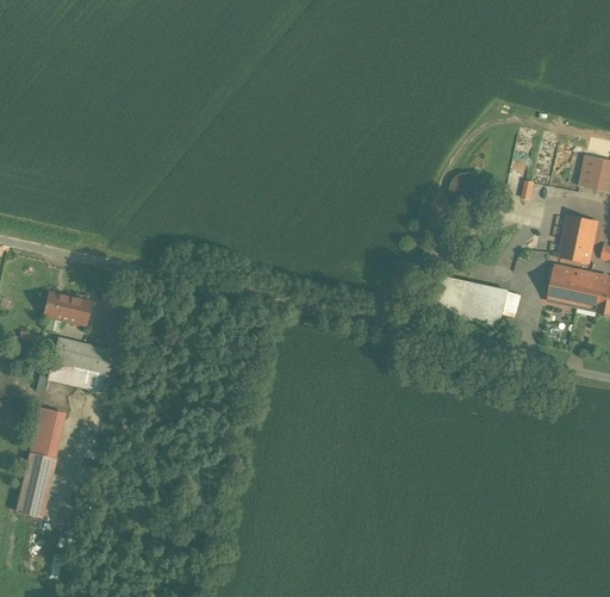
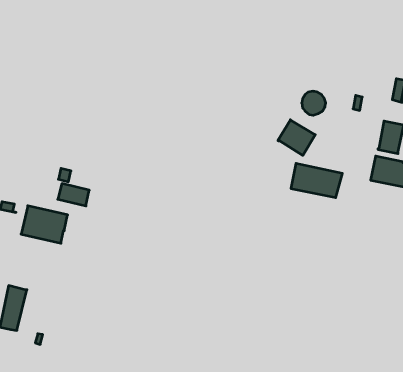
building: none -> [278,120,315,155]
building: [45,292,91,324] -> [58,184,89,206]
building: [31,408,66,458] -> none

